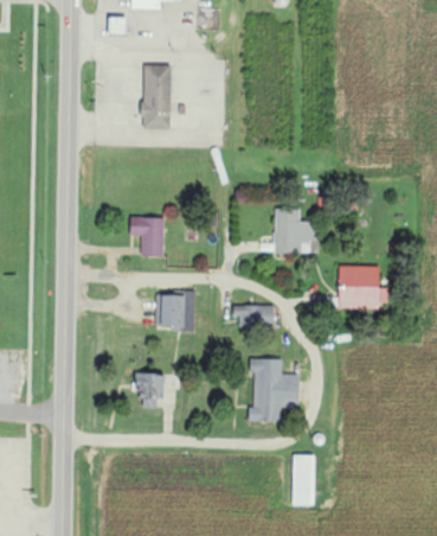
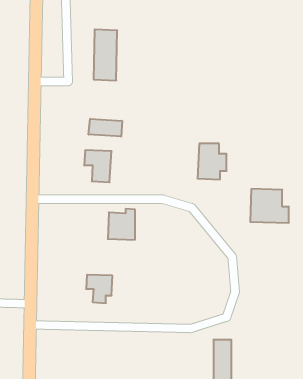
building: none -> [89,119,122,137]
building: [233,305,274,327] -> none
building: [246,358,298,422] -> none

